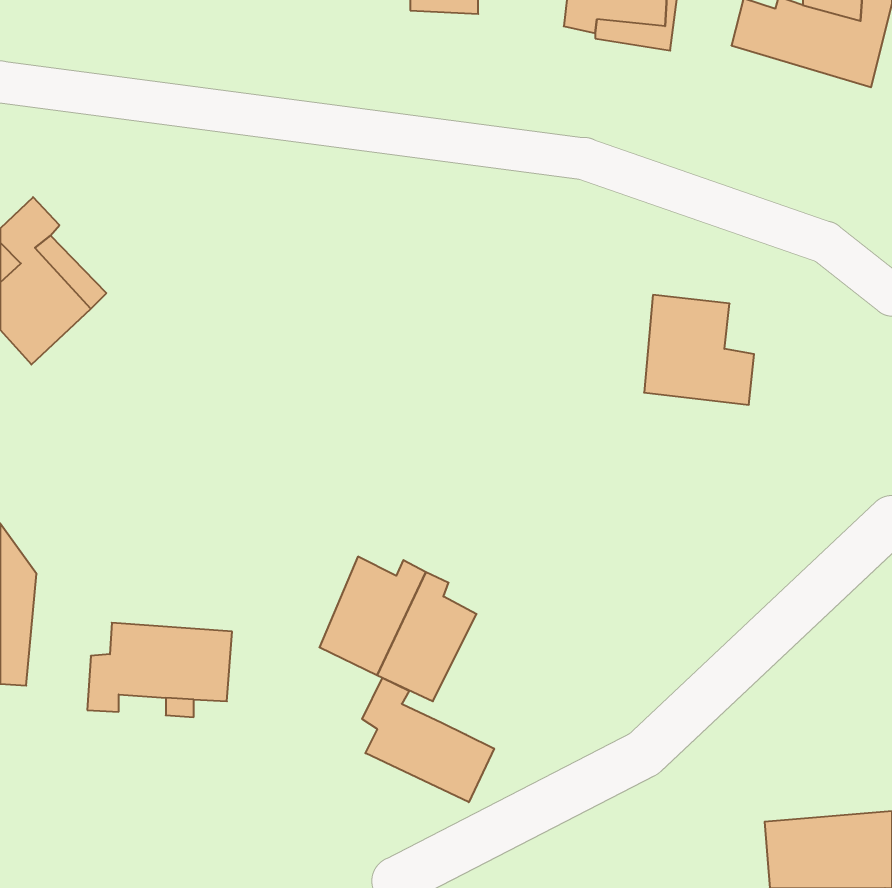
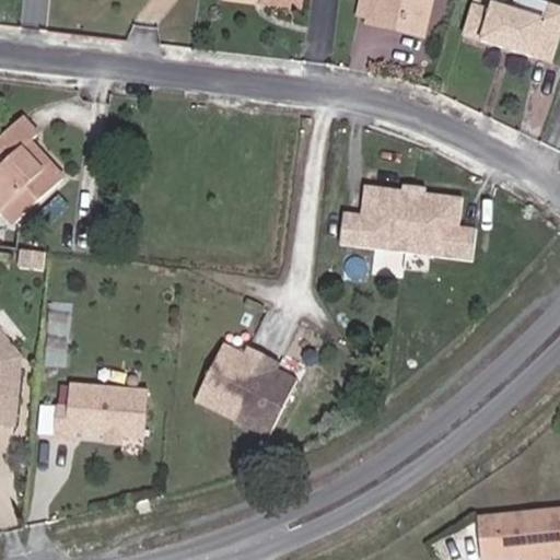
building: none -> [337,179,409,246]
building: [362,678,494,802] -> none

